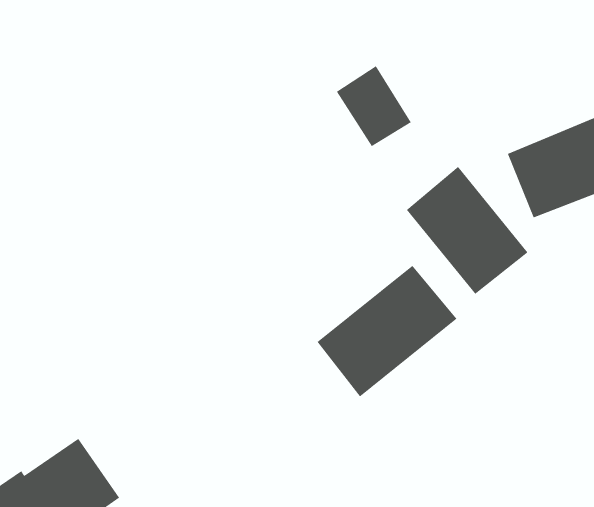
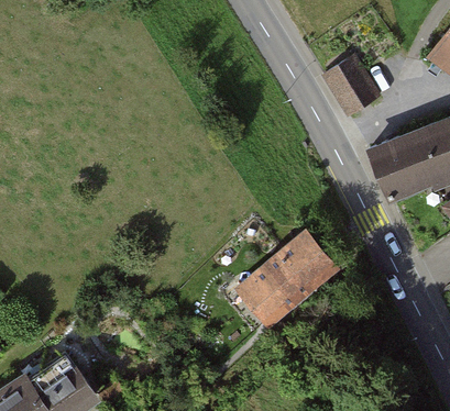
building: [336,65,412,147] -> [326,57,380,115]
building: [406,166,528,295] -> none

